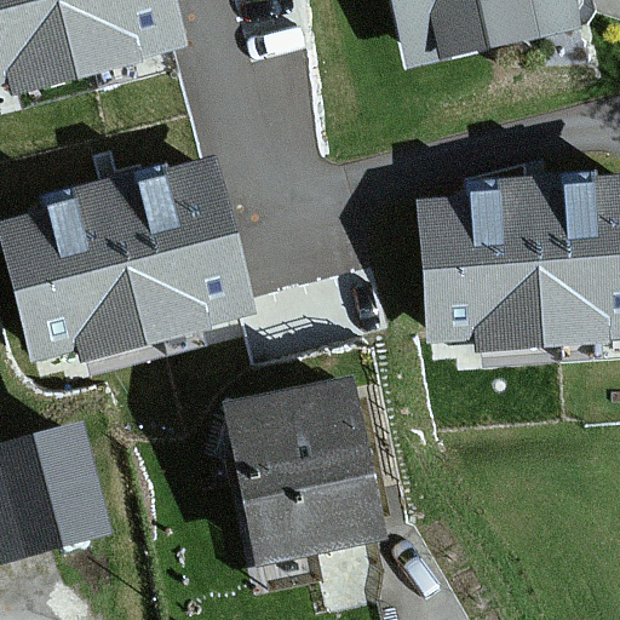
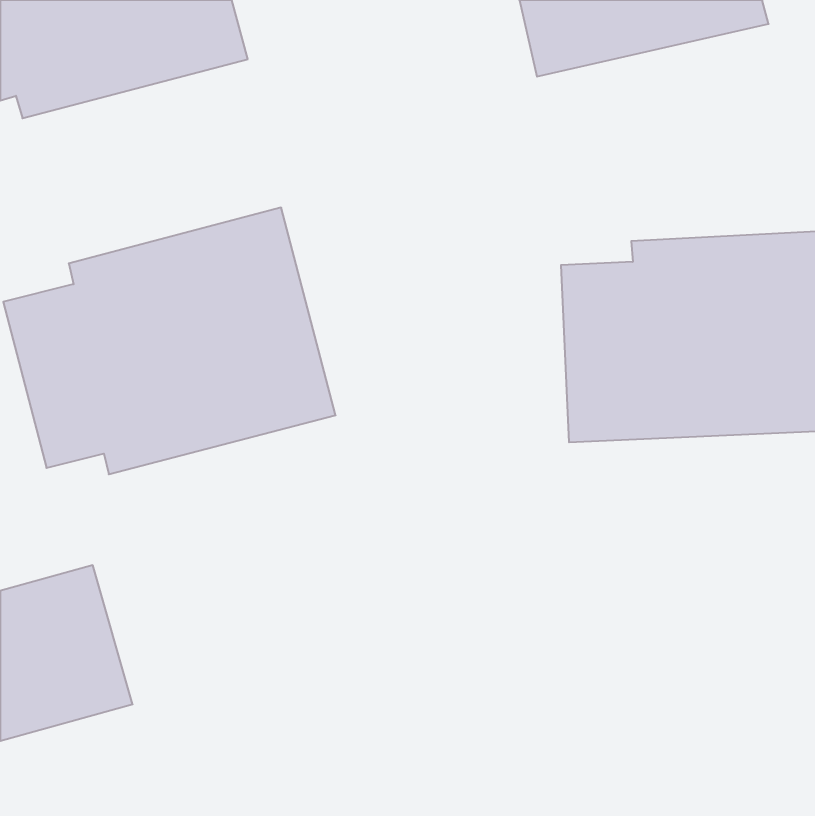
building: [220,386,363,563] -> none

